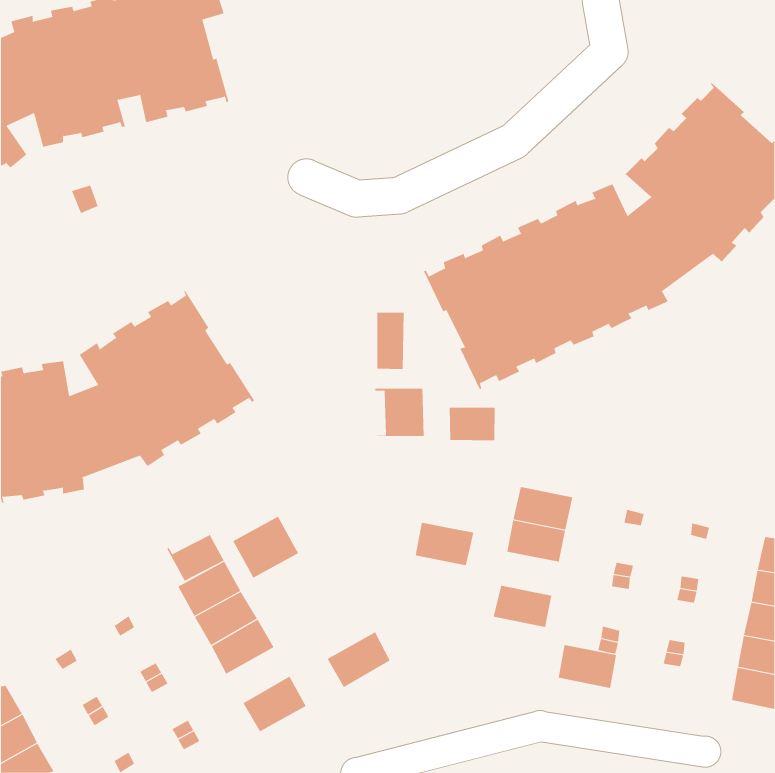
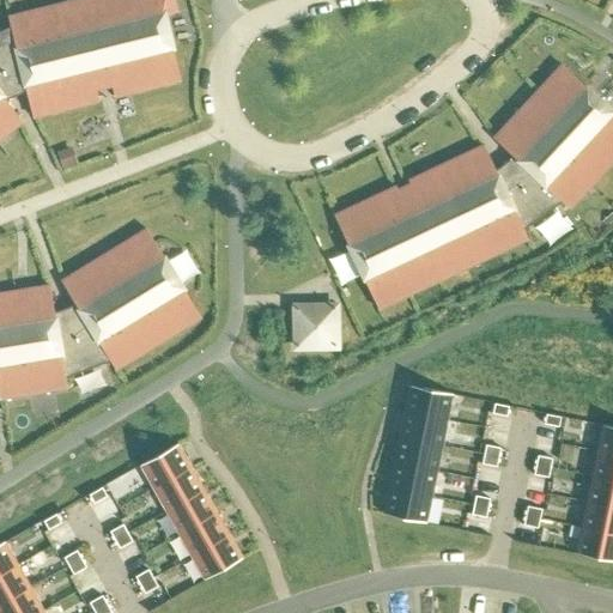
building: [377,312,404,370] -> none
building: [449,407,495,441] -> none
building: [232,516,299,579] -> none
building: [415,522,474,566] -> [395,436,442,471]
building: [167,528,225,581] -> none
building: [327,632,391,688] -> [178,511,229,556]
building: [558,644,617,688] -> [384,487,431,522]

